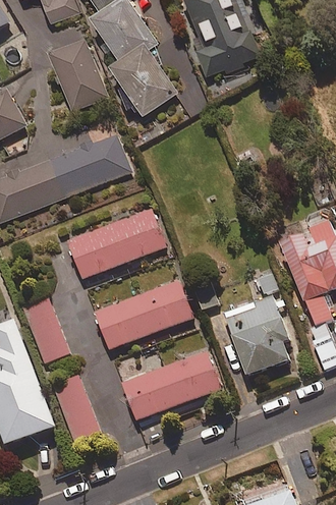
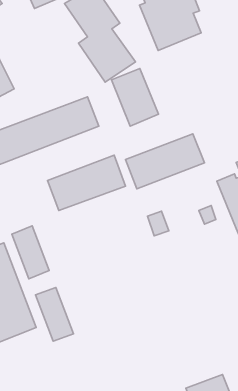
building: [49,40,108,112] -> [111,69,159,126]
building: [94,280,192,349] -> [125,134,204,189]
building: [223,296,289,375] -> none
building: [122,350,220,419] -> none

